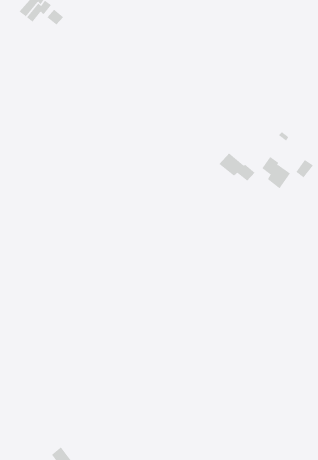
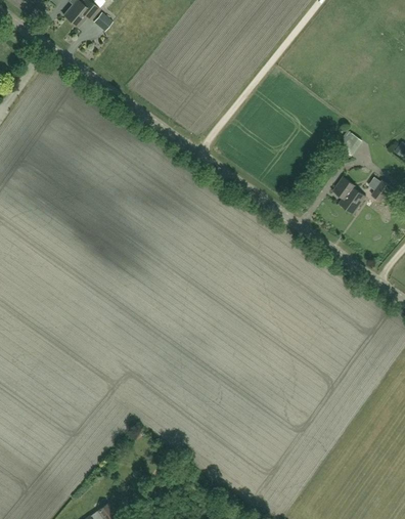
building: [218,153,256,181] -> none

